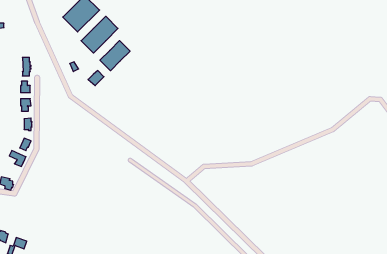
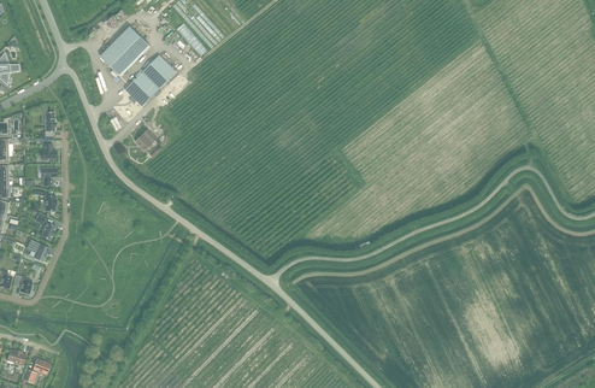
building: [100,41,130,71] -> none

